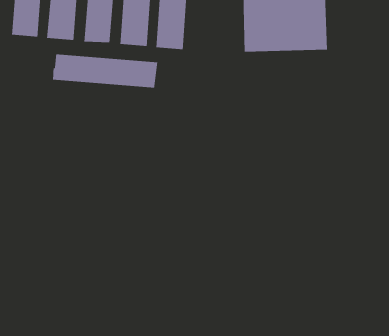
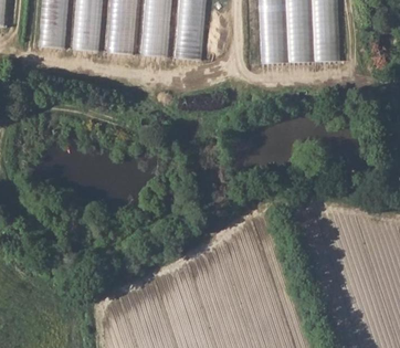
building: [52,54,158,88] -> none

